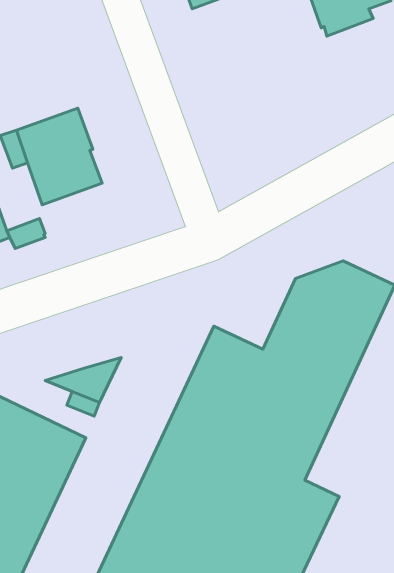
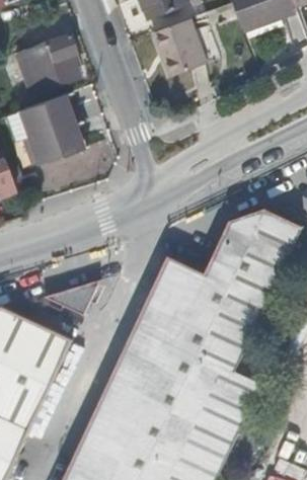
building: none -> [156,19,210,80]
building: none -> [16,33,79,96]

